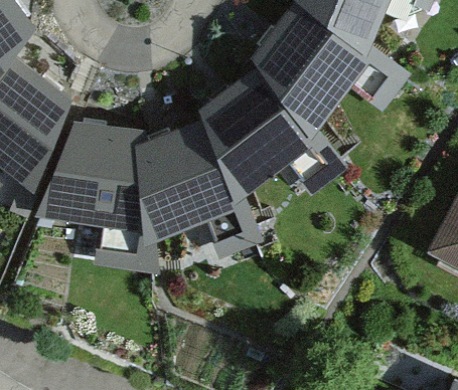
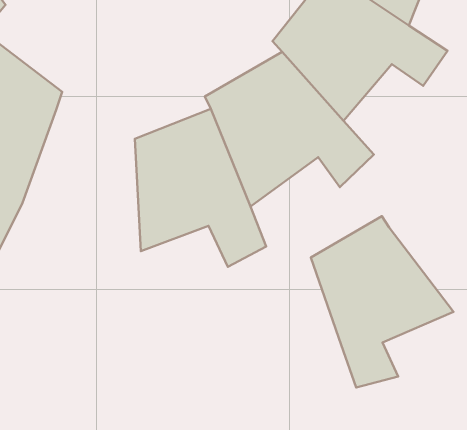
building: [35,120,150,269] -> none
building: none -> [311,216,453,388]

